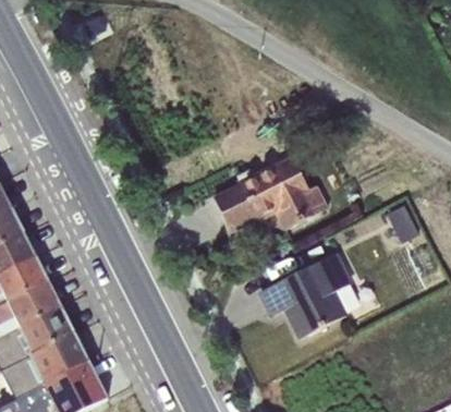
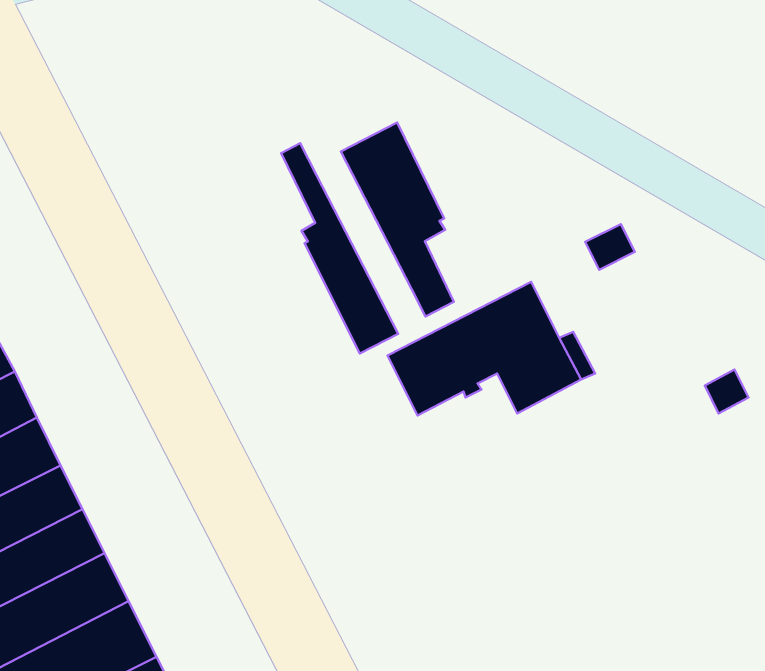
building: none -> [341,123,454,316]
building: none -> [281,143,398,353]
building: [259,252,359,338] -> none

